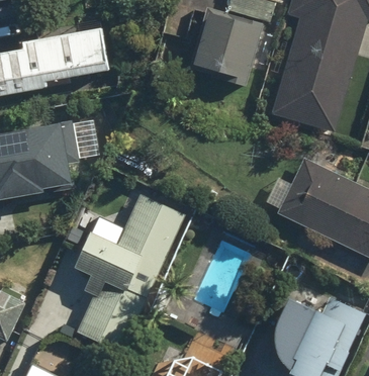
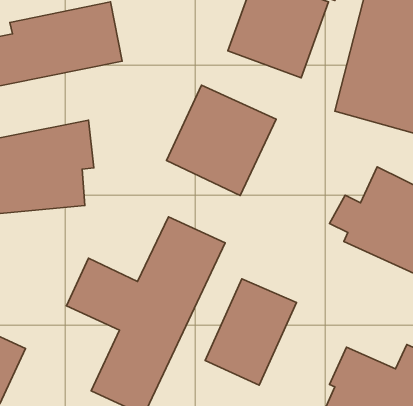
building: none -> [166,85,276,196]
building: none -> [205,279,297,385]

